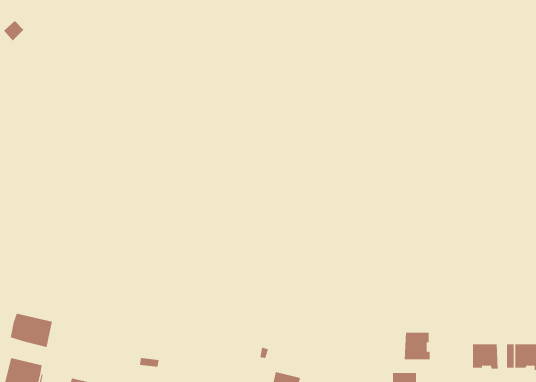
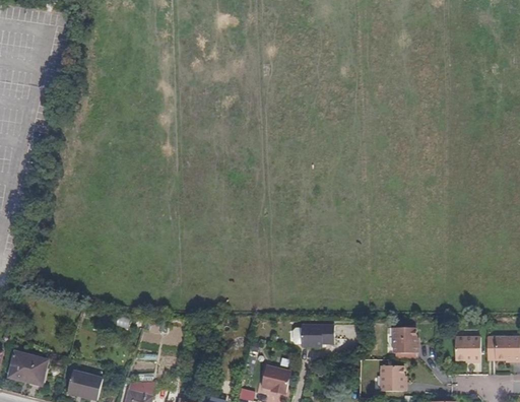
building: [10,313,53,348] -> none
building: none -> [301,325,334,348]

